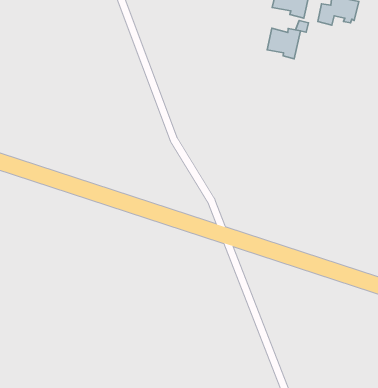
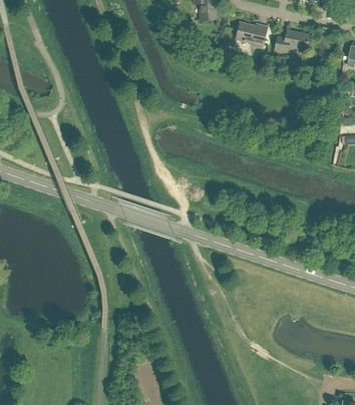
building: [267,28,300,59] -> none

